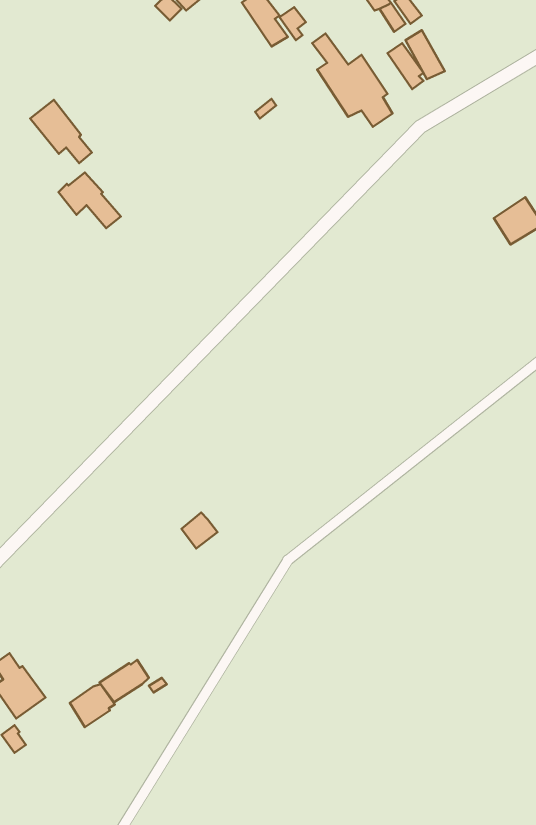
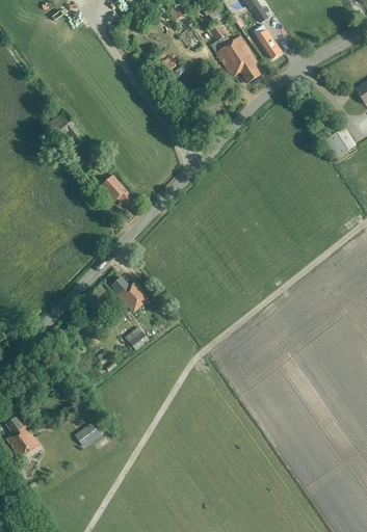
building: [30,100,92,163] -> none
building: none -> [98,175,132,205]
building: none -> [109,276,147,311]
building: [70,684,115,727] -> none

